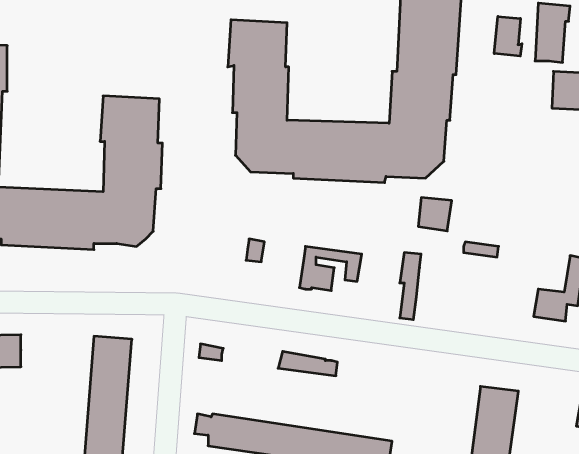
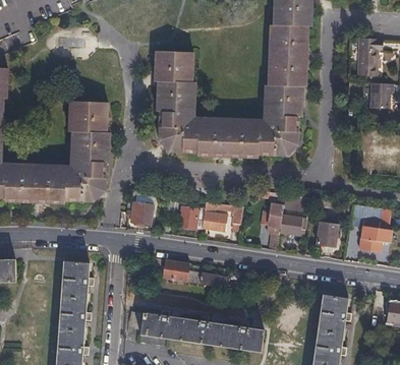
building: [494,16,522,56] -> none
building: [418,198,452,231] -> [280,215,302,237]
building: none -> [130,201,154,226]
building: none -> [178,205,205,230]
building: none -> [317,218,337,245]
building: none -> [153,256,189,282]

